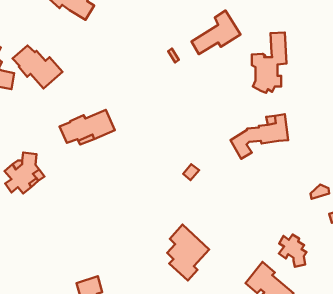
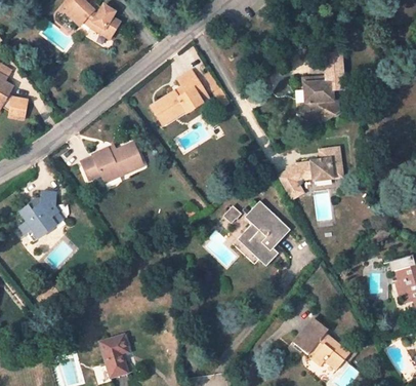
building: [192,11,241,54] -> [152,70,208,120]
building: [13,45,62,89] -> none
building: [167,224,209,281] -> [242,200,290,265]
building: [279,234,307,267] -> none

